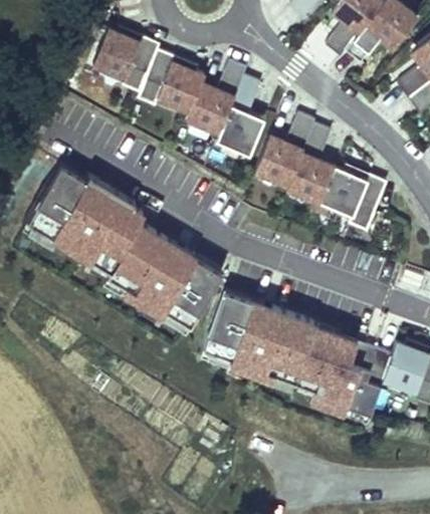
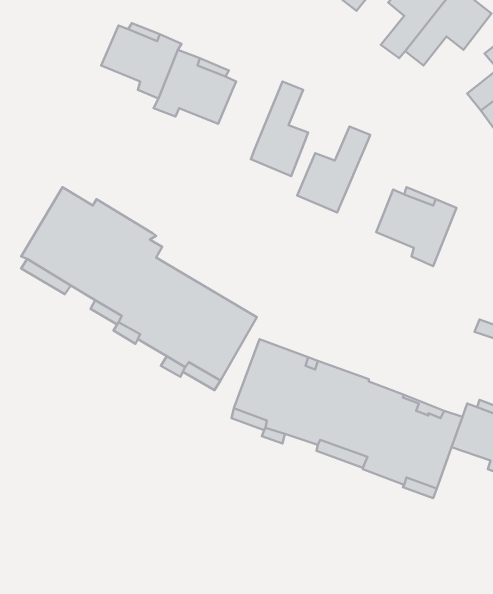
building: [187,62,246,134] -> none
building: [287,124,335,202] -> none

